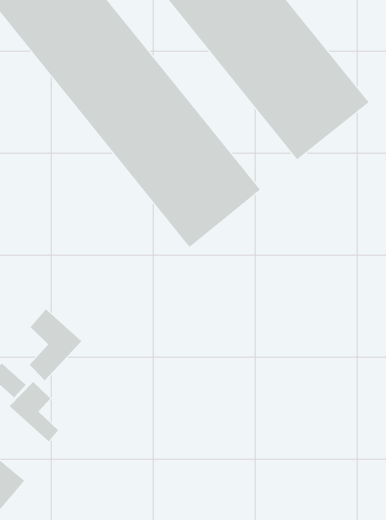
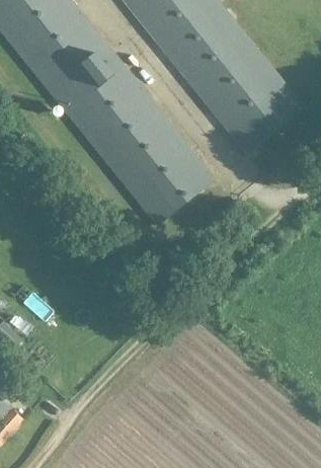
building: [29,309,82,381] -> none
building: [9,381,59,442] -> none

